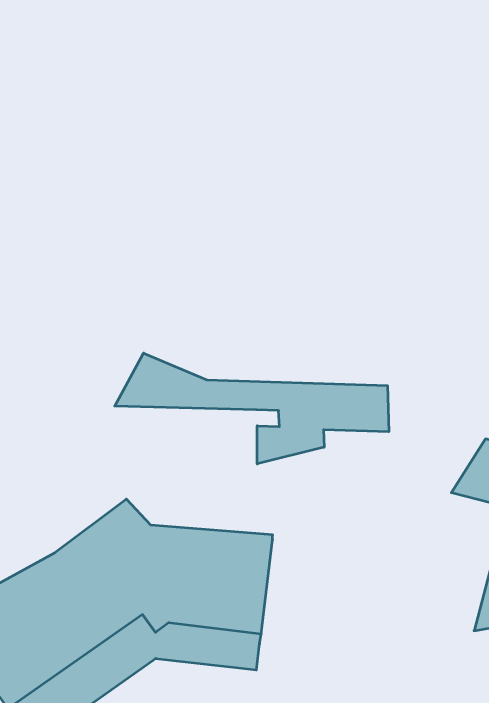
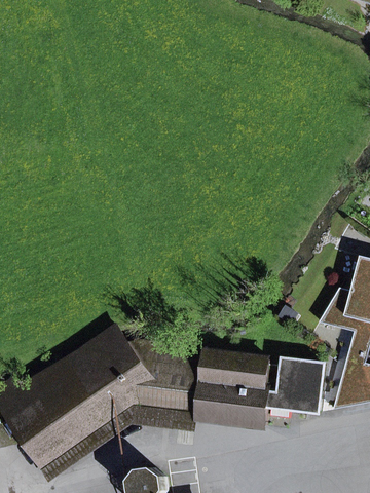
building: [115,353,389,464] -> none
building: none -> [197,351,325,425]

